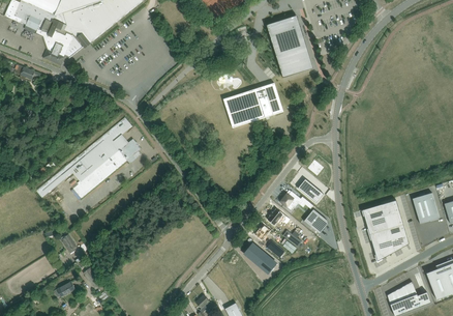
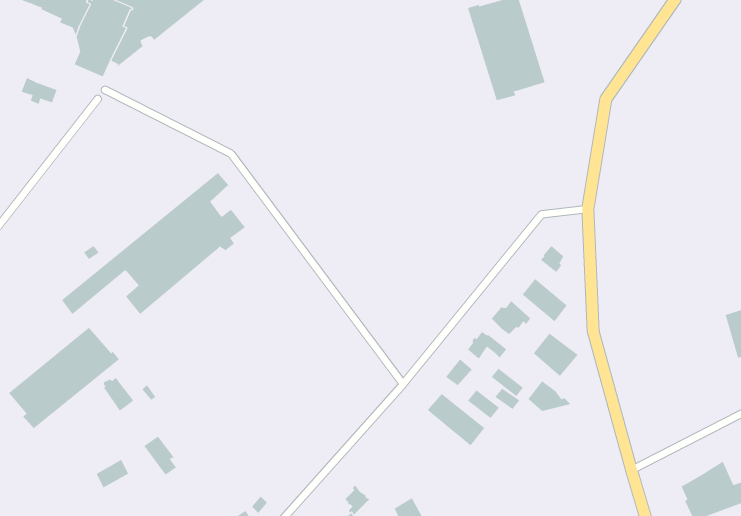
building: [224,85,283,126] -> none
building: [362,199,410,260] -> none
building: none -> [8,327,120,429]

